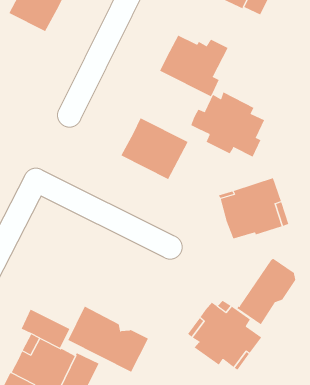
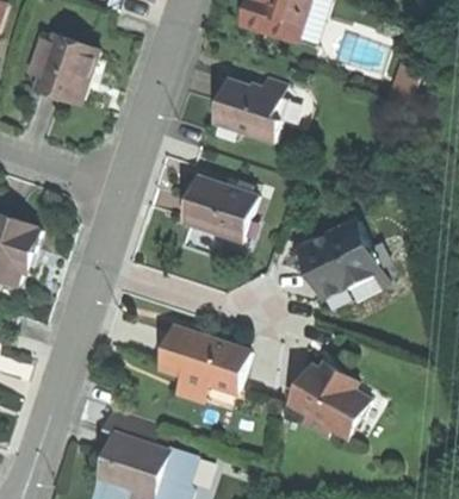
building: [191,92,265,157] -> none
building: [236,258,296,325] -> none
building: [68,306,149,372] -> [156,326,246,392]

